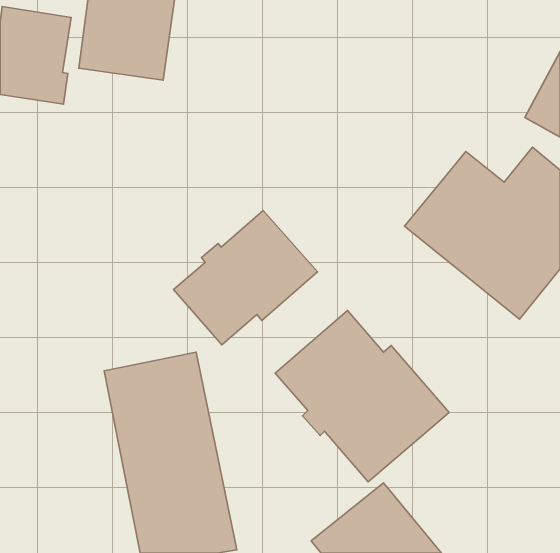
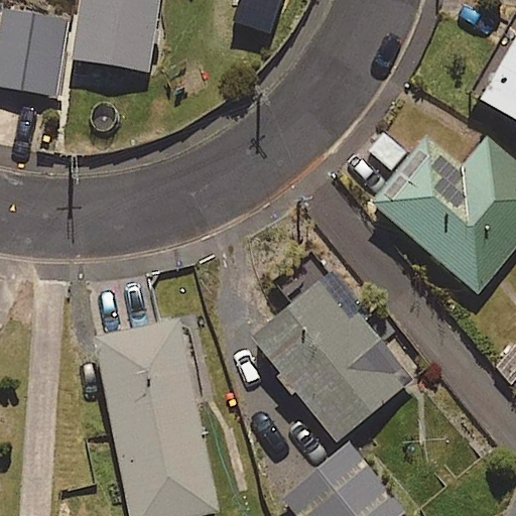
building: [174,211,317,345] -> none

